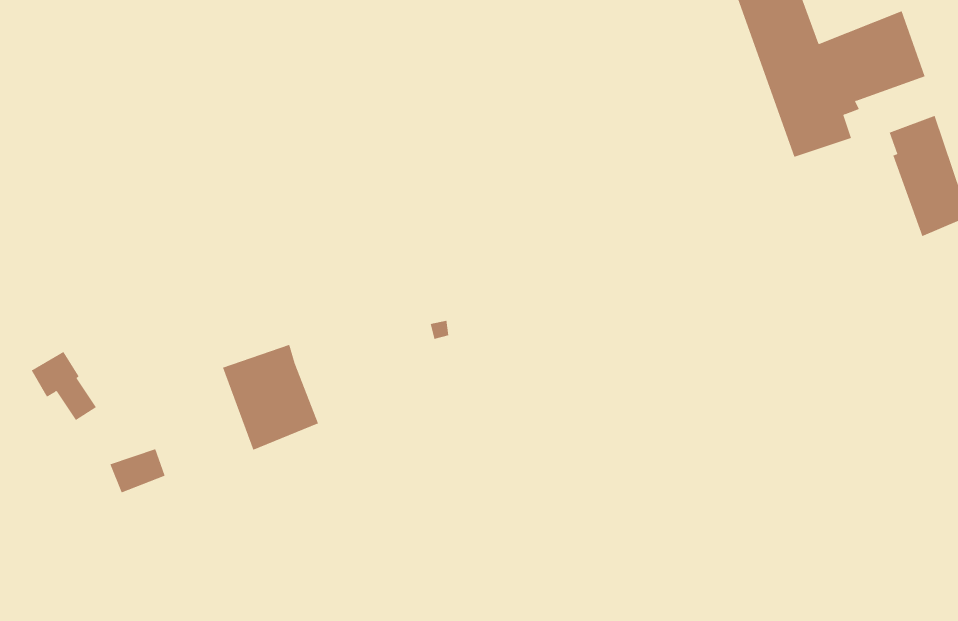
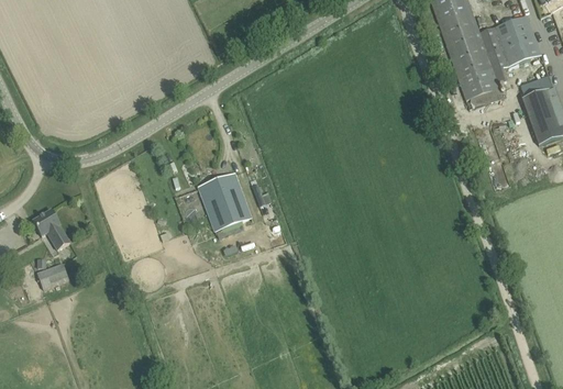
building: [222,344,319,451] -> [198,170,253,231]
building: [109,449,166,493] -> [37,263,69,288]

